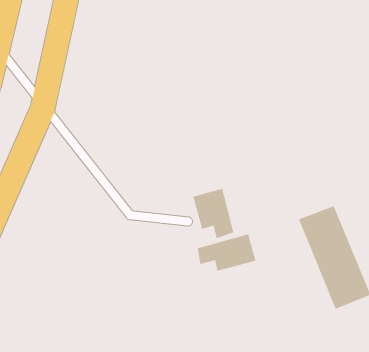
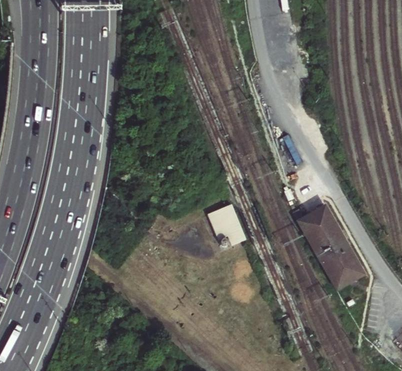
building: [197,233,256,271] -> none

